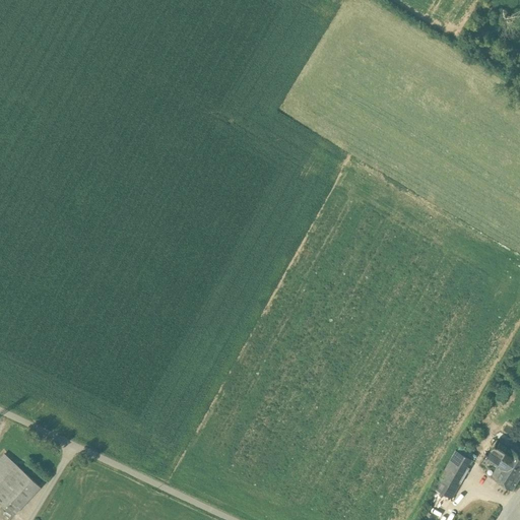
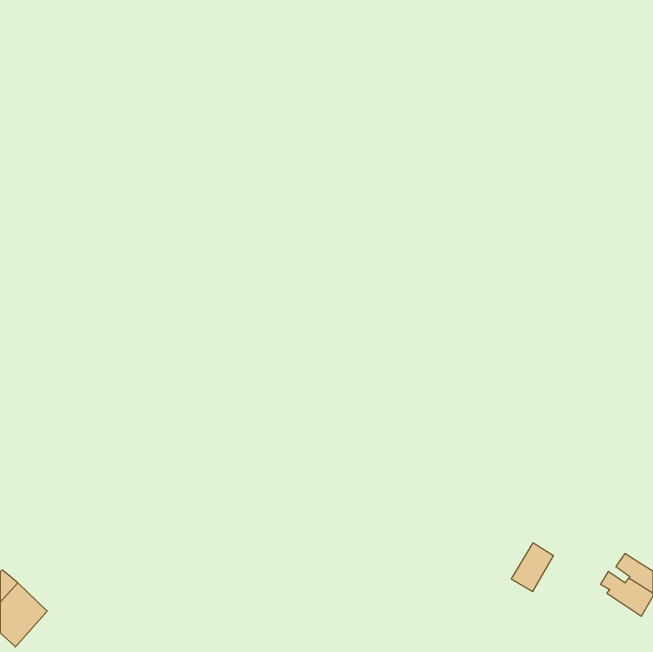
building: [438,453,471,492] -> [511,543,553,592]

